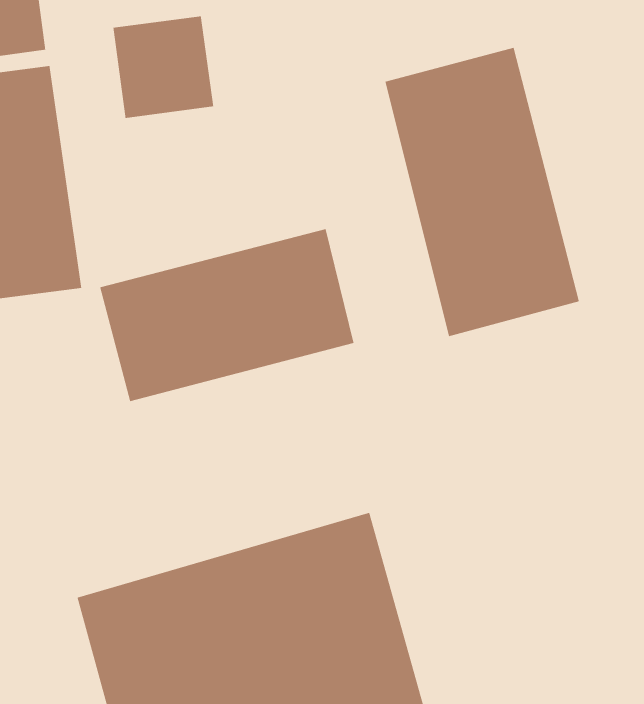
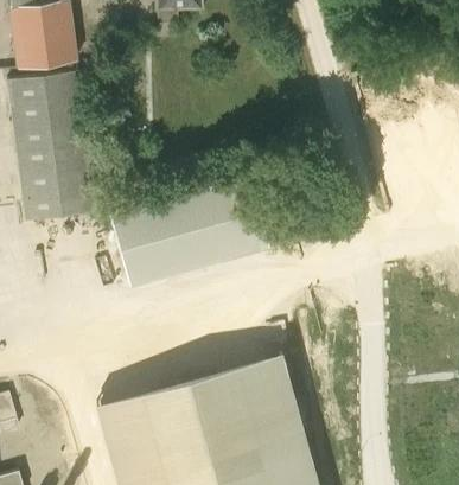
building: [112,15,214,119] -> none
building: [385,47,580,337] -> none

